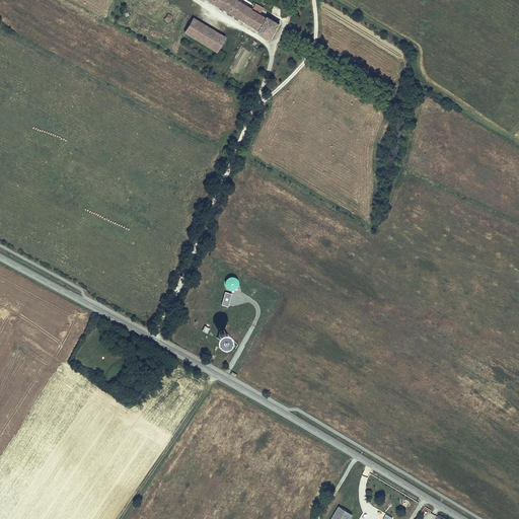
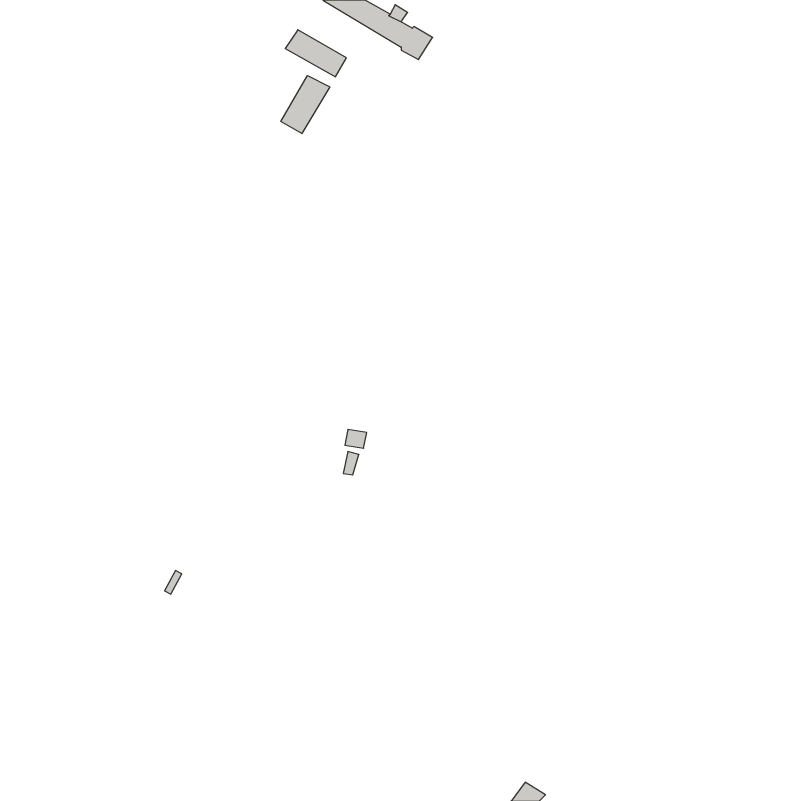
building: none -> [281,76,330,134]

